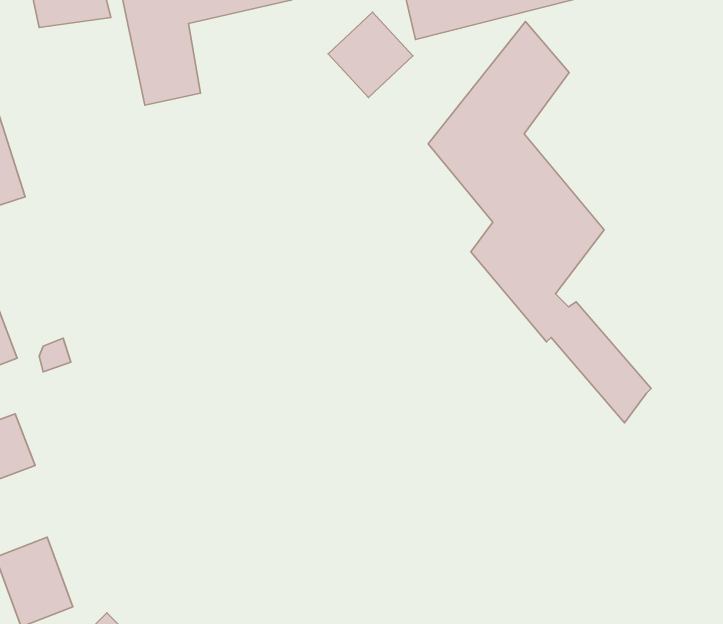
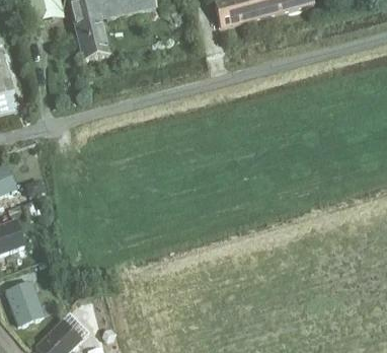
building: [328,12,413,97] -> none
building: [428,22,651,423] -> none

